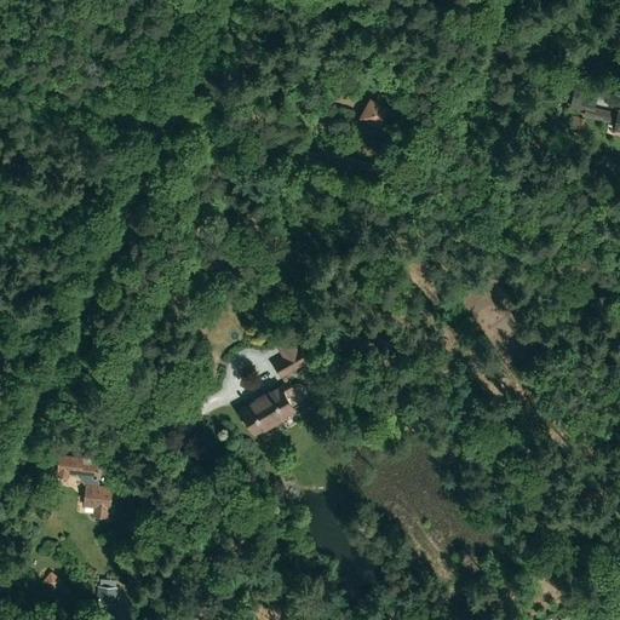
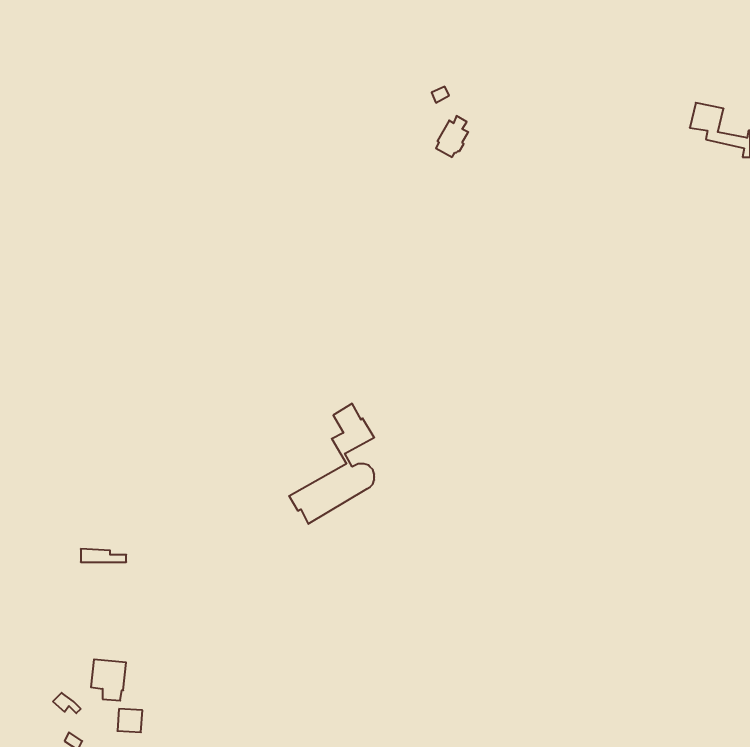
building: [84,486,113,519] -> [91,659,126,701]

